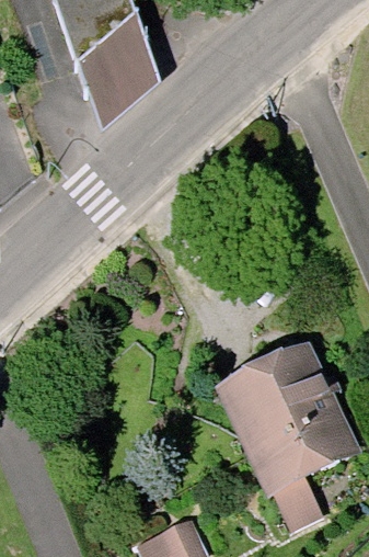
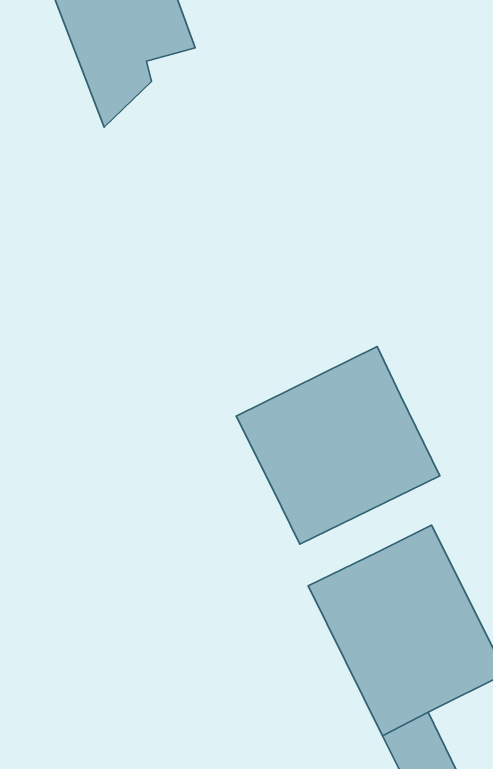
building: none -> [236,346,440,544]

